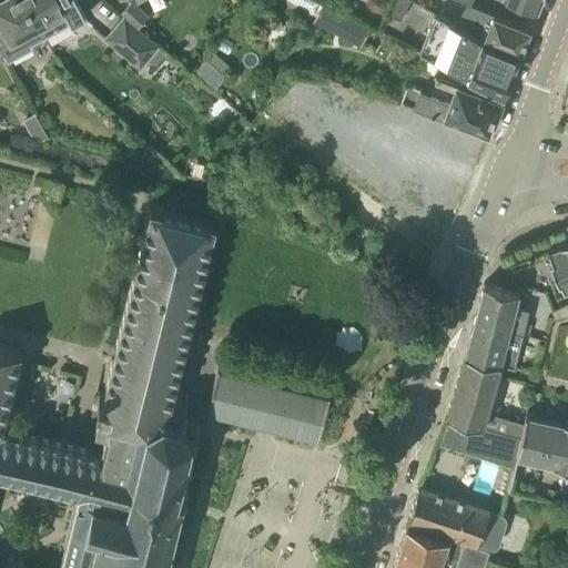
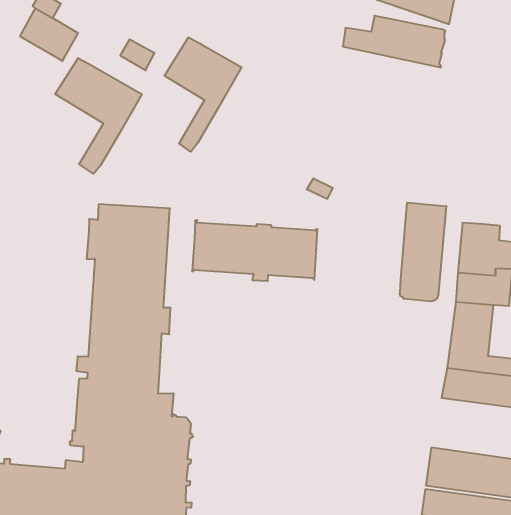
building: none -> [165,37,241,152]
building: none -> [55,58,142,174]
building: none -> [400,203,446,301]
building: [207,371,331,445] -> [192,220,318,281]

